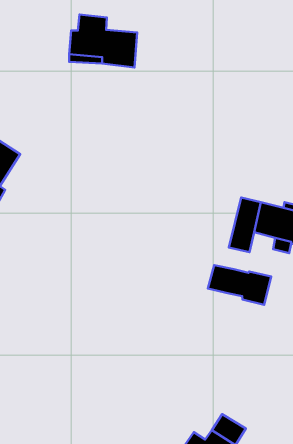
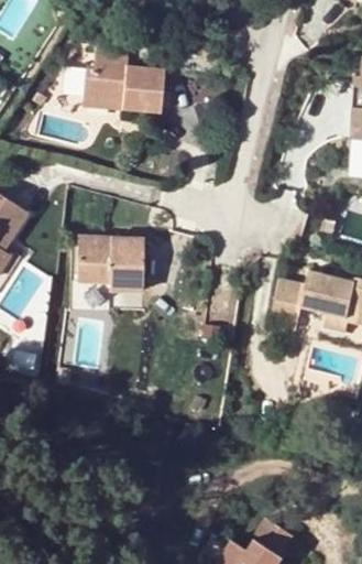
building: none -> [79,238,146,292]
building: [208,265,271,305] -> none

